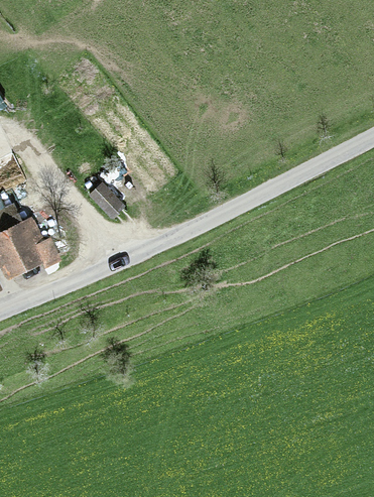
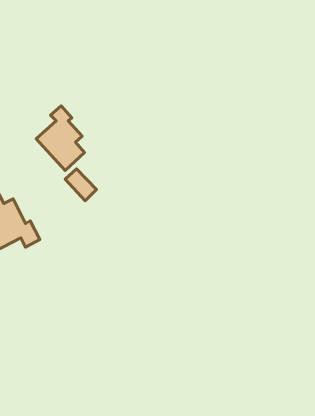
building: none -> [36,106,84,171]

